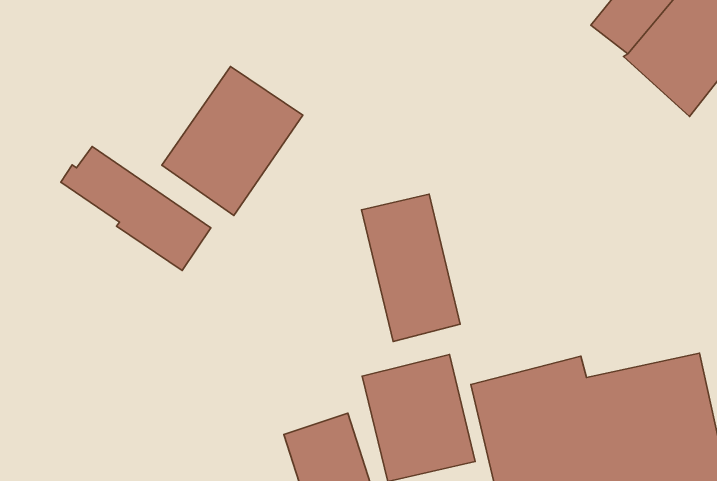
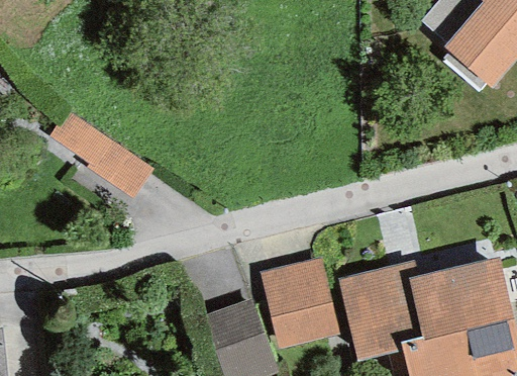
building: [162,67,303,215] -> none
building: [362,194,460,341] -> none

